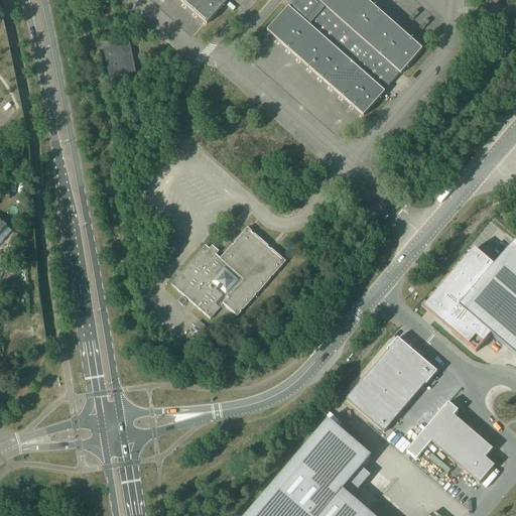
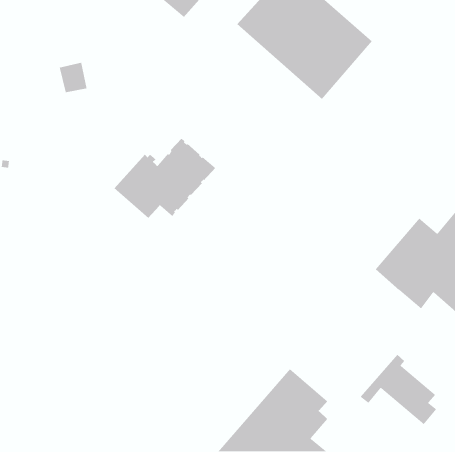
building: [104,39,136,75] -> [59,62,87,93]
building: [171,225,287,316] -> [114,138,216,219]
building: [347,336,437,429] -> none

